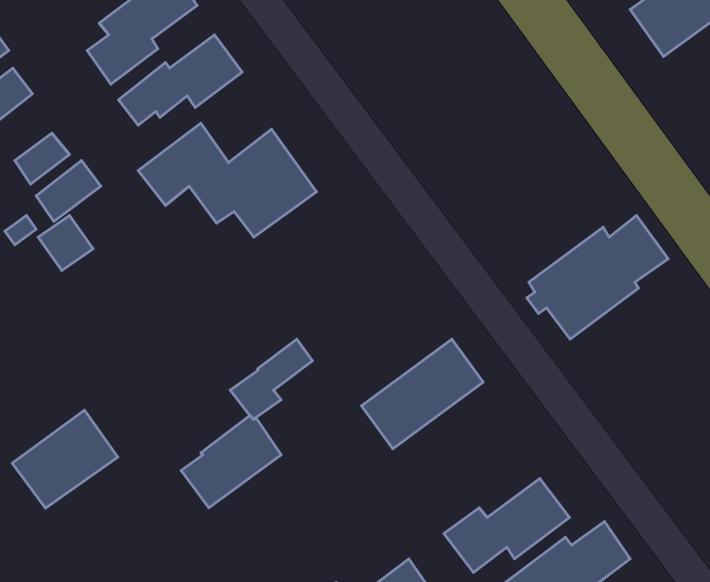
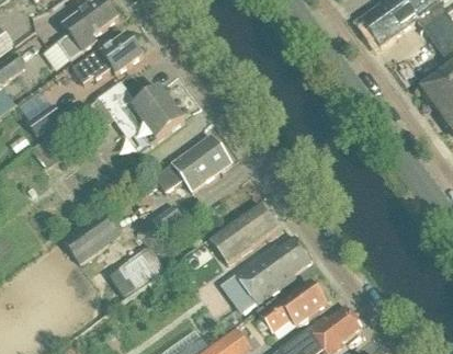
building: [527,215,668,339] -> [234,236,313,305]
building: none -> [155,135,231,193]
building: [12,410,118,508] -> [61,208,121,263]

